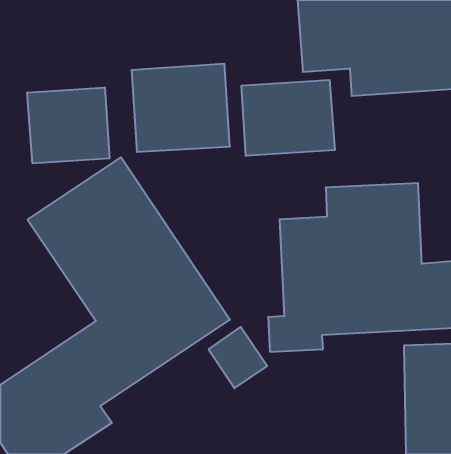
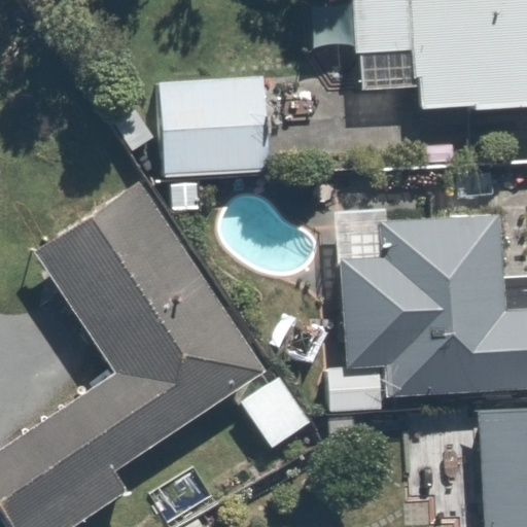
building: [241,80,335,156] -> none
building: [27,87,109,163] -> none

